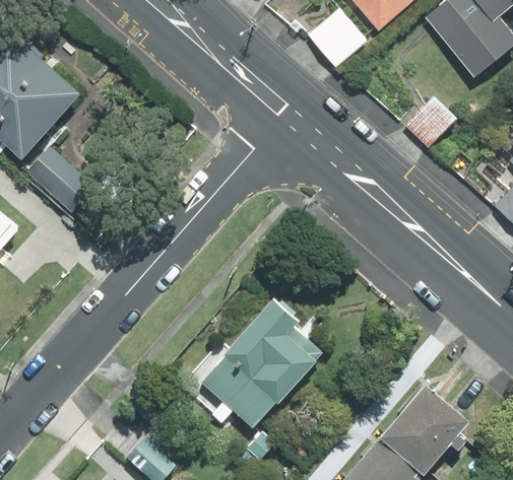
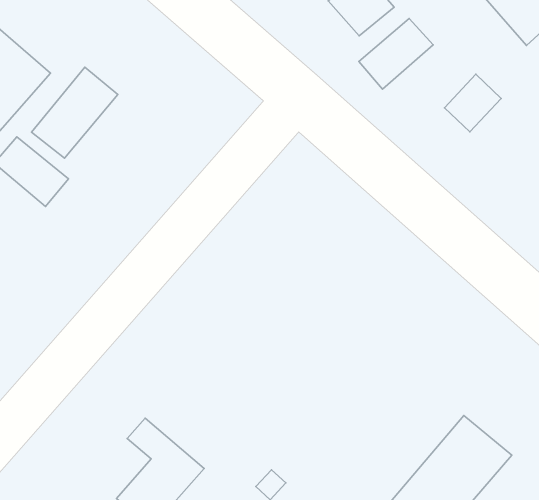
building: none -> [359,18,433,89]
building: none -> [32,67,118,158]
building: [203,299,317,424] -> none

